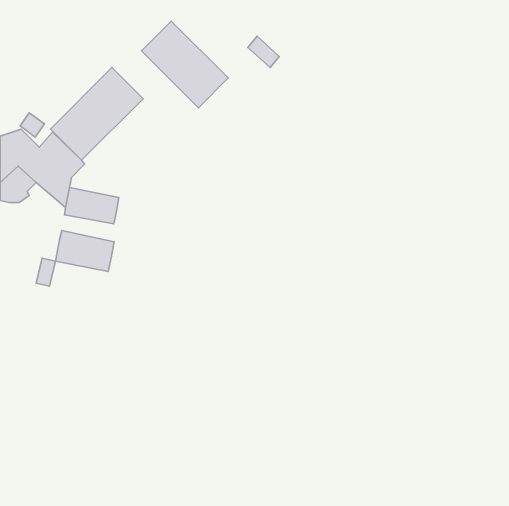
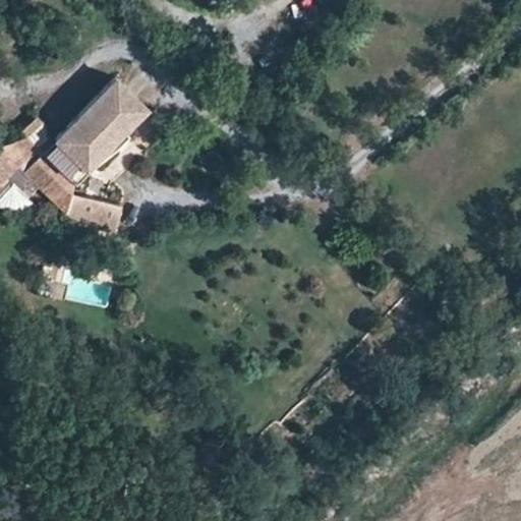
building: [142,21,228,108] -> none
building: [55,230,114,271] -> none

